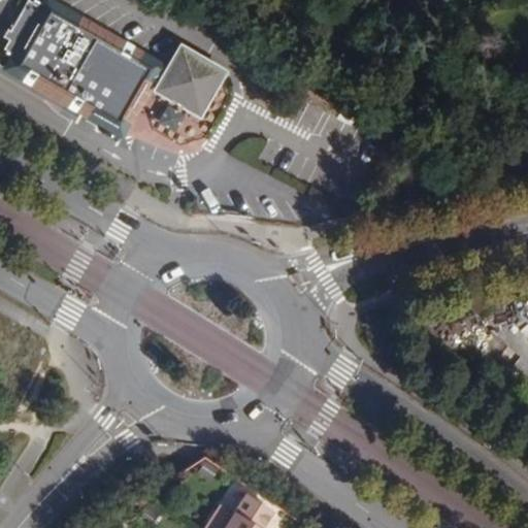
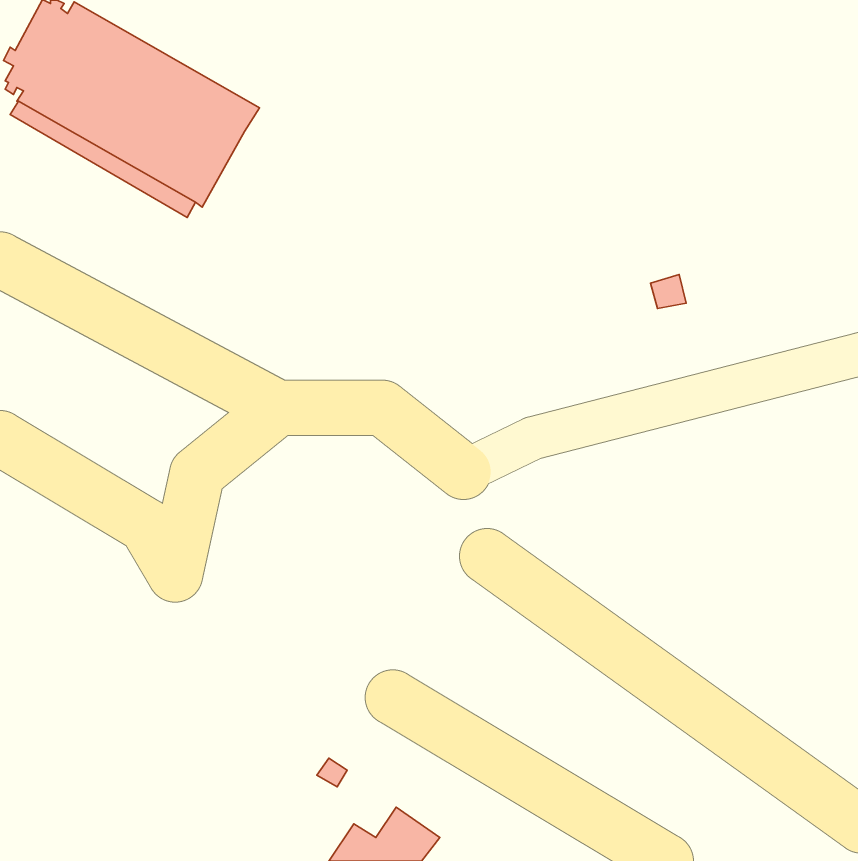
building: [152,51,222,111] -> none

